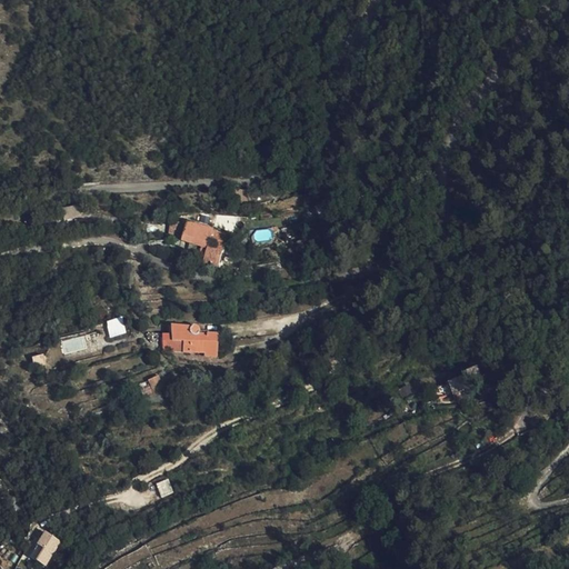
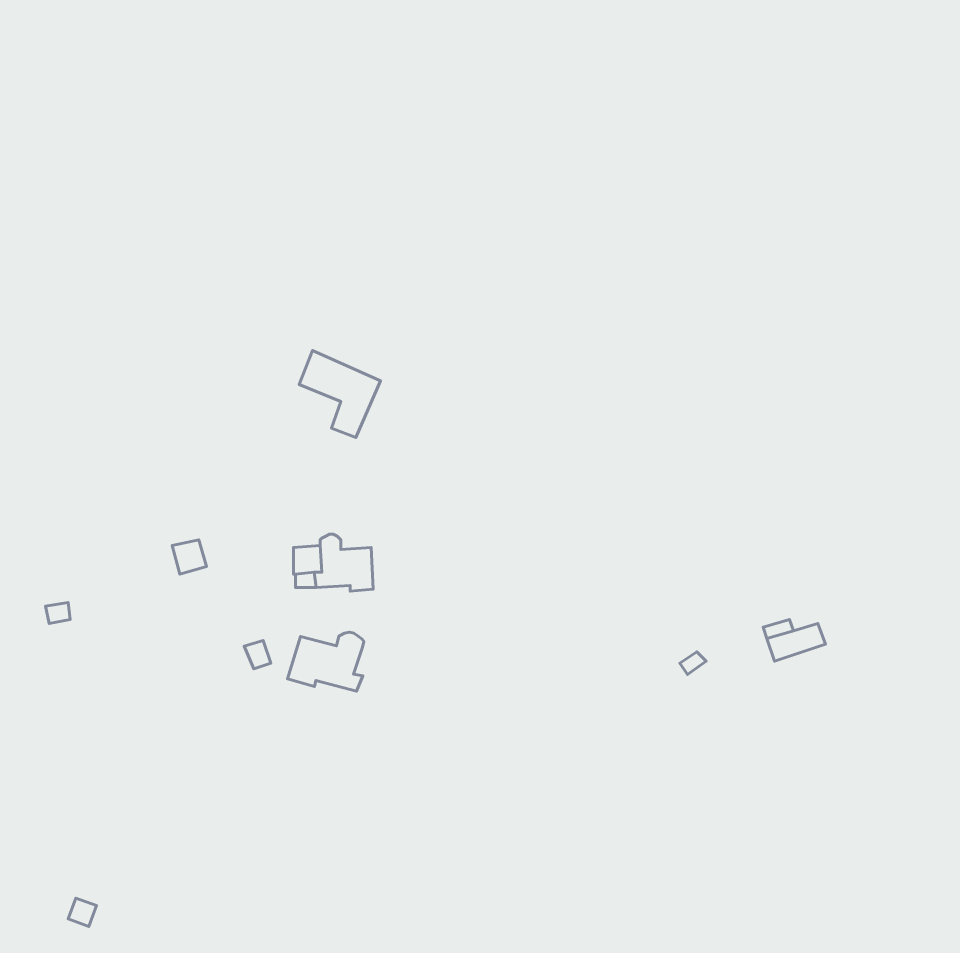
building: none -> [288,632,364,691]

